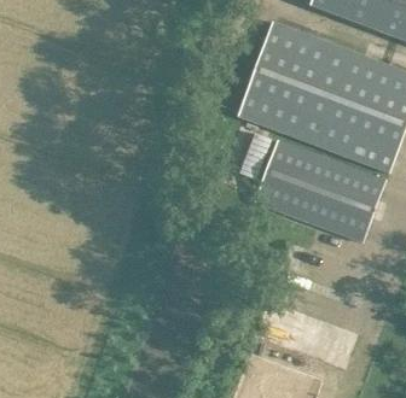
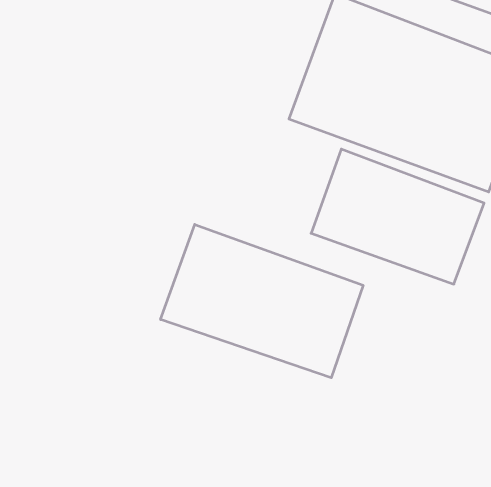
building: none -> [161,224,363,378]

